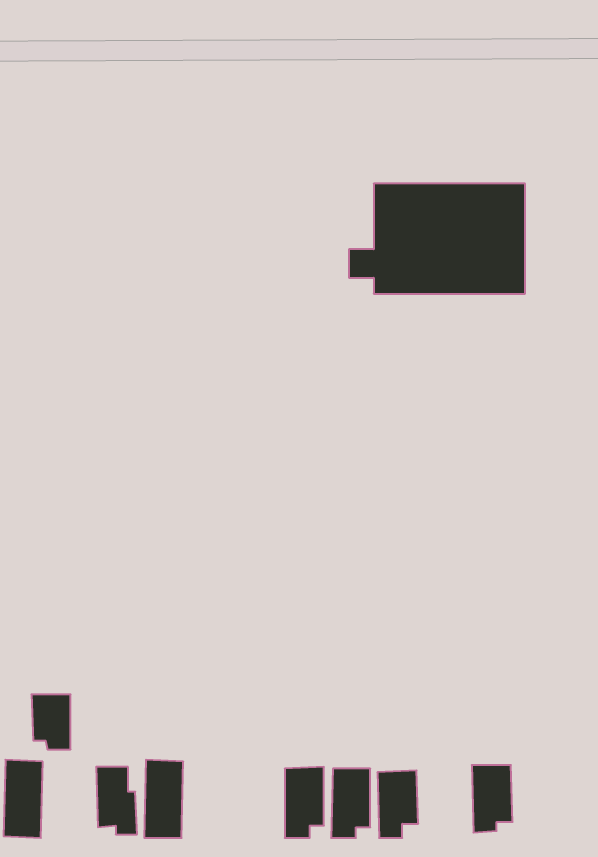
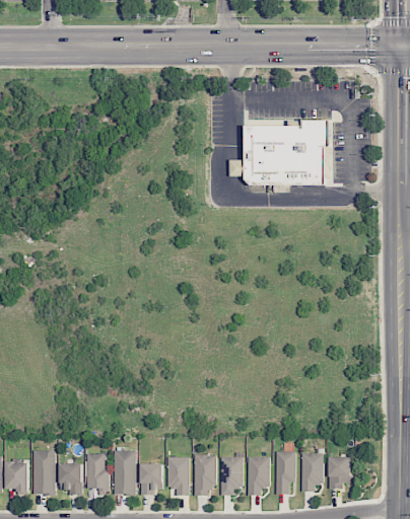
building: [31,694,71,749] -> [60,463,82,495]
building: none -> [275,451,295,494]
building: none -> [166,456,190,495]
building: none -> [328,456,351,489]
building: none -> [140,463,162,495]

